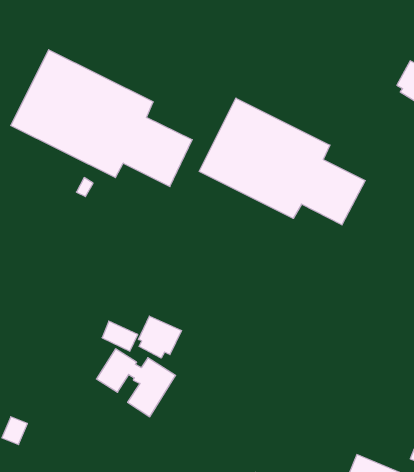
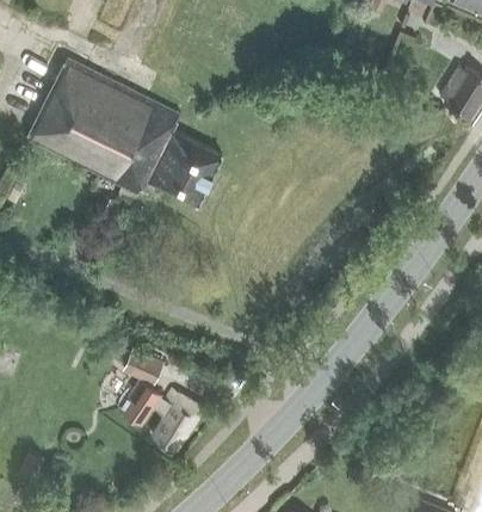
building: [199,98,365,225] -> none
building: [139,316,182,358] -> none

